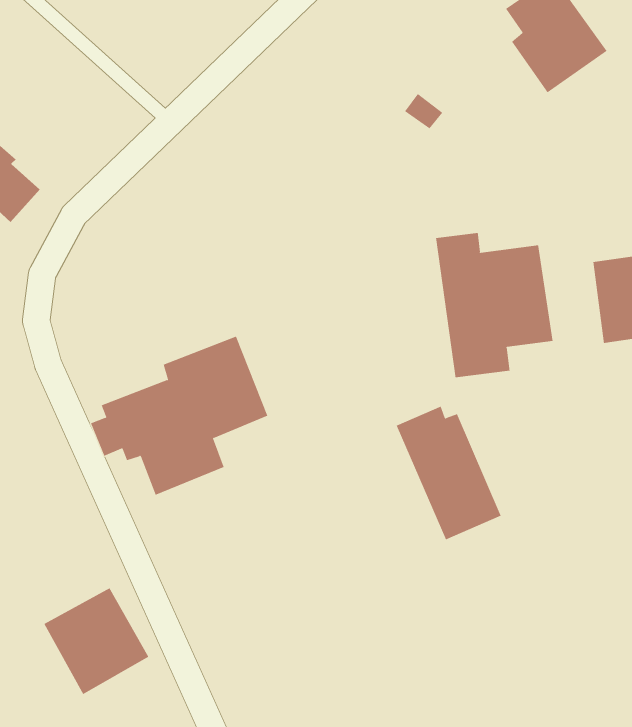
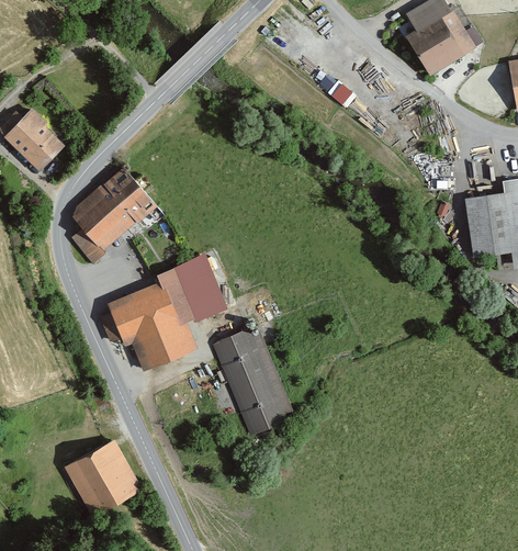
building: none -> [71,168,159,265]
building: [435,232,553,378] -> none
building: [396,406,501,540] -> [217,331,294,429]

